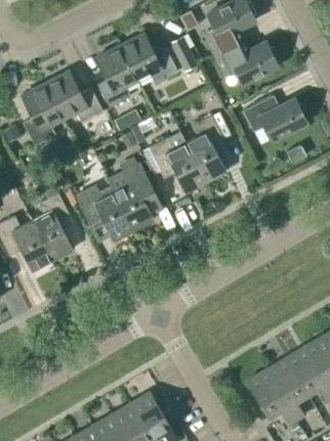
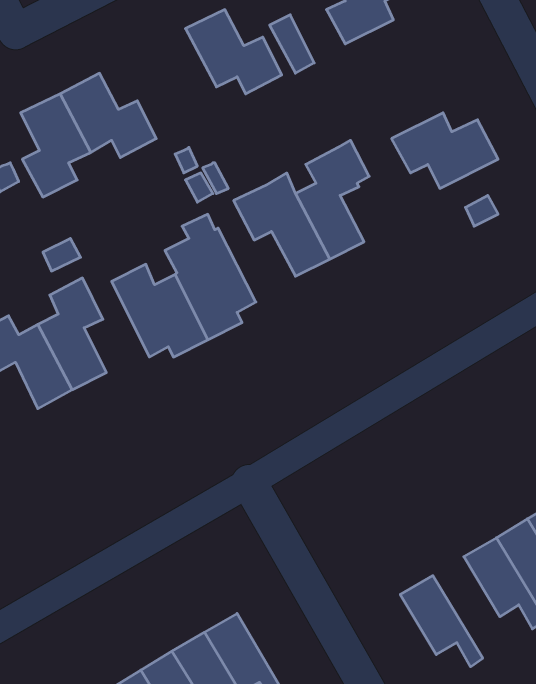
building: [214,40,277,83] -> none
building: [95,45,137,107] -> none
building: [266,359,306,420] -> none

